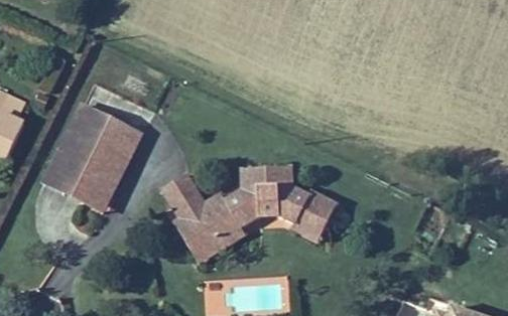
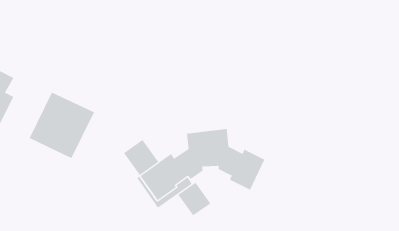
building: [41,102,142,211] -> none
building: none -> [178,182,211,216]

